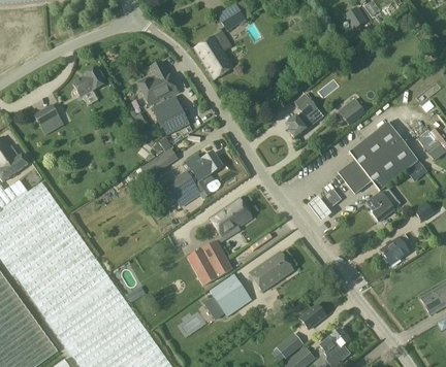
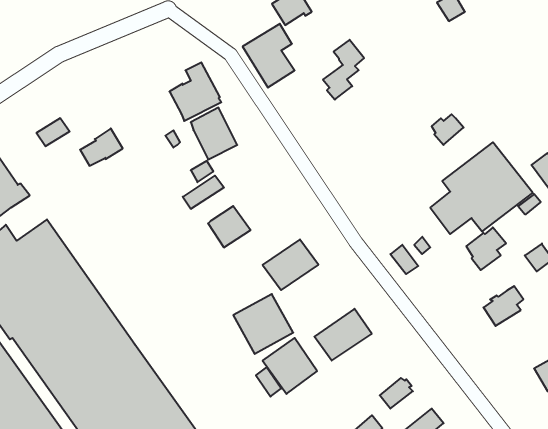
building: [72,67,105,96] -> [80,128,123,166]
building: [285,93,317,139] -> [323,40,364,100]
building: [184,153,221,181] -> none

